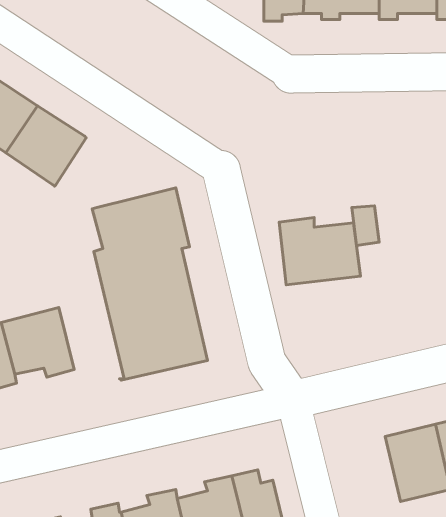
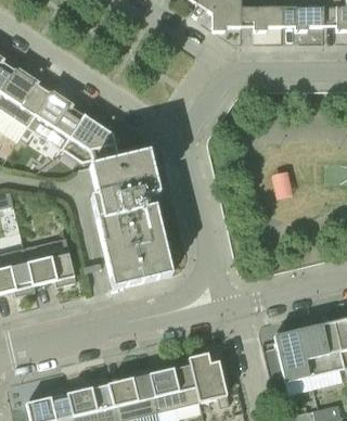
building: none -> [63,116,118,166]
building: [279,218,360,285] -> none
building: none -> [273,330,309,382]

